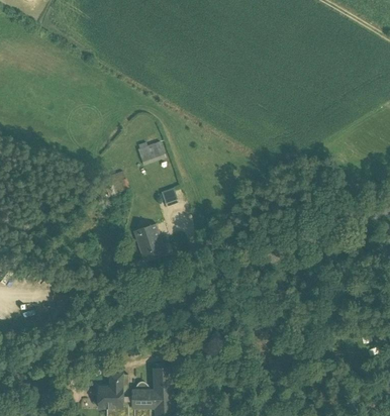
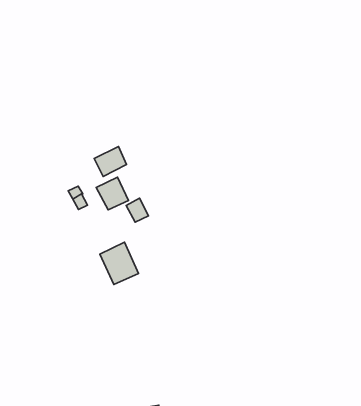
building: none -> [96,177,129,210]

